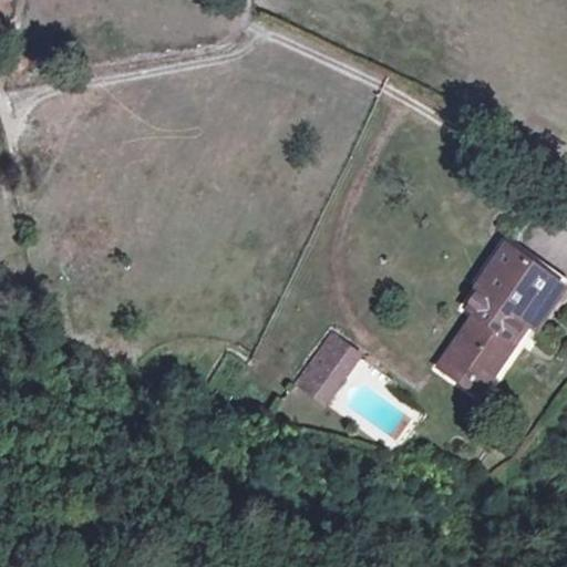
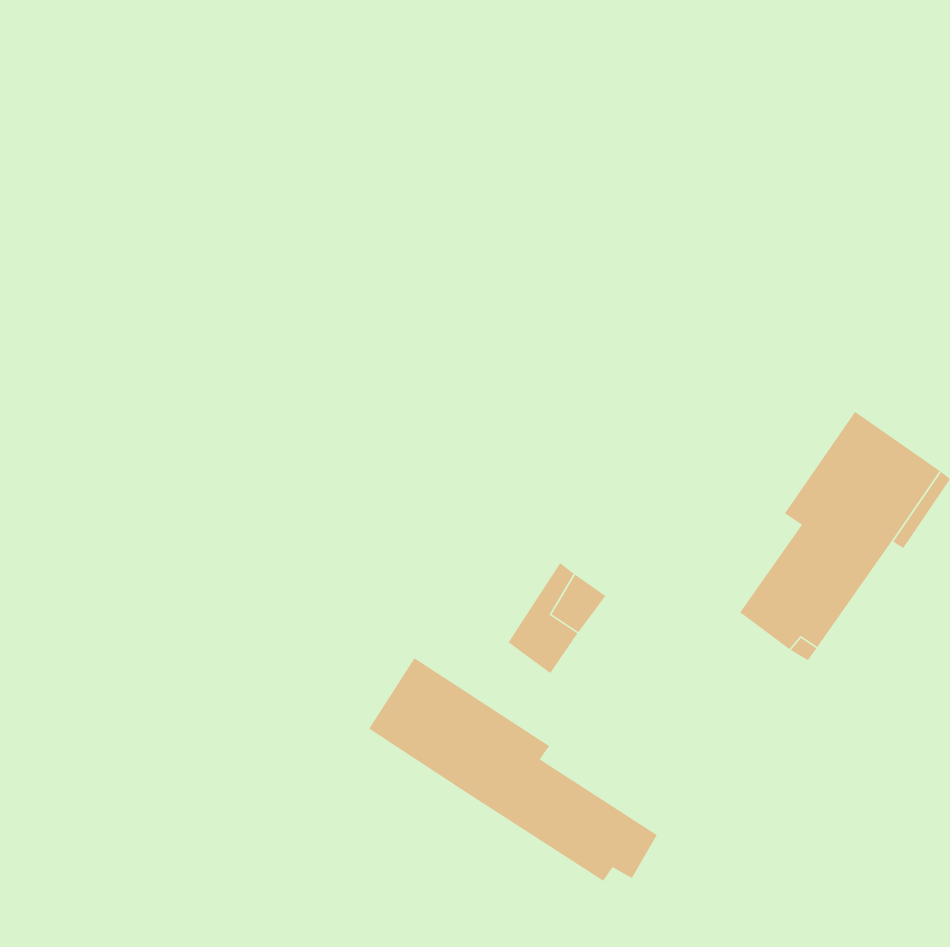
building: none -> [368,657,658,882]

